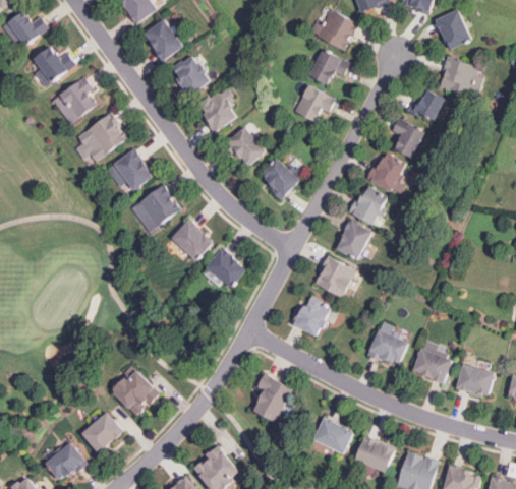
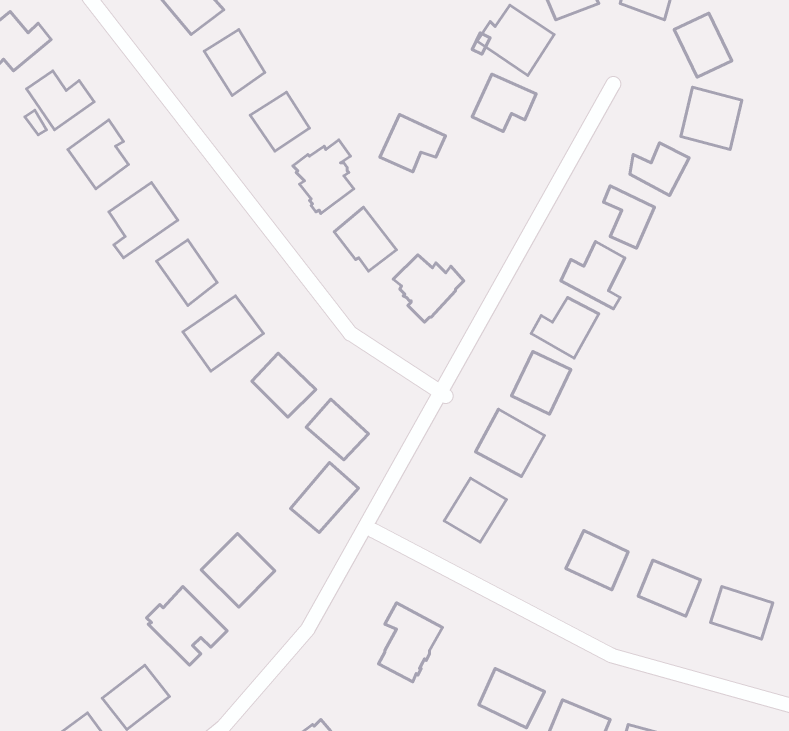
building: [293,85,334,121] -> [380,114,446,172]
building: none -> [291,463,358,532]
building: none -> [201,533,275,607]

